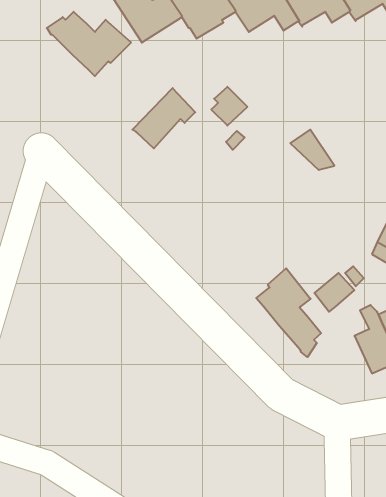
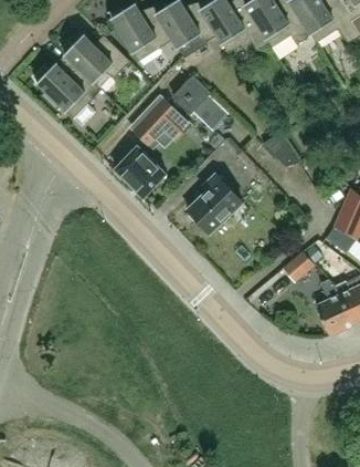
building: none -> [33,63,102,118]
building: none -> [172,76,210,114]
building: none -> [115,146,167,197]
building: none -> [188,175,241,232]
building: [256,268,321,357] -> none

